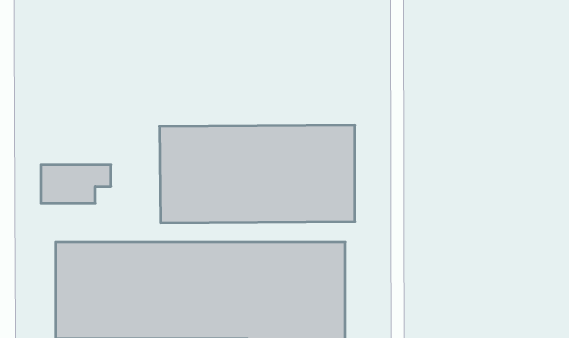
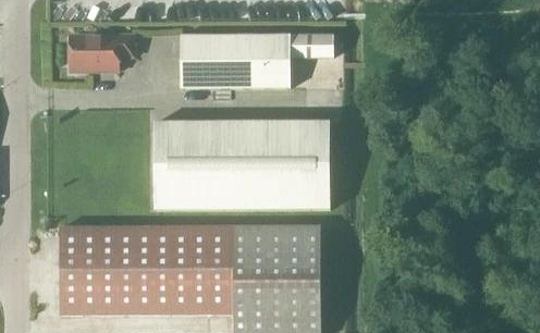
building: none -> [181,34,333,87]
building: [41,165,111,203] -> [70,35,133,70]

